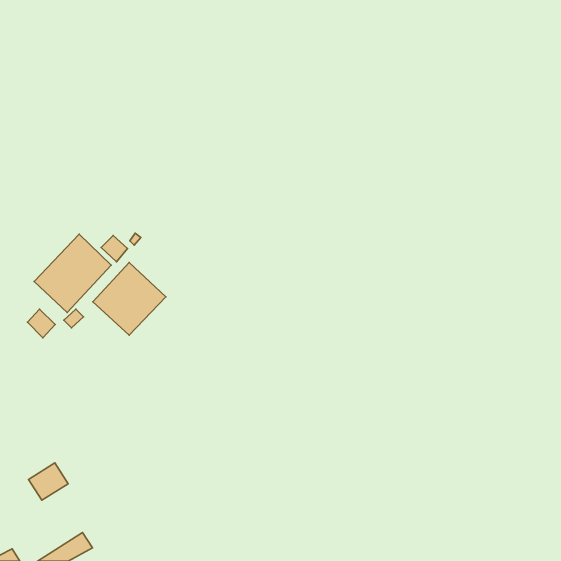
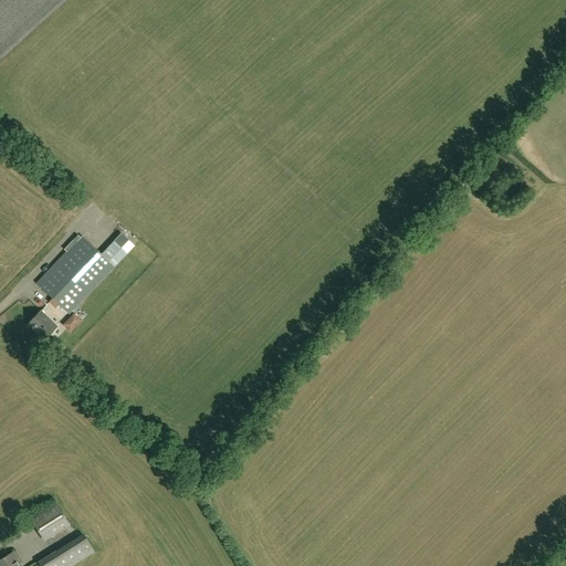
building: [93,262,166,335] -> none
building: [29,463,68,500] -> [29,503,69,541]

